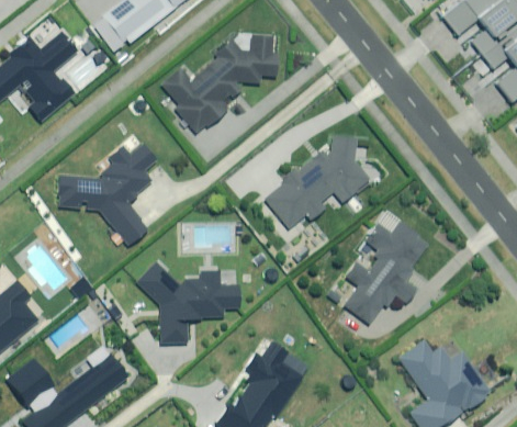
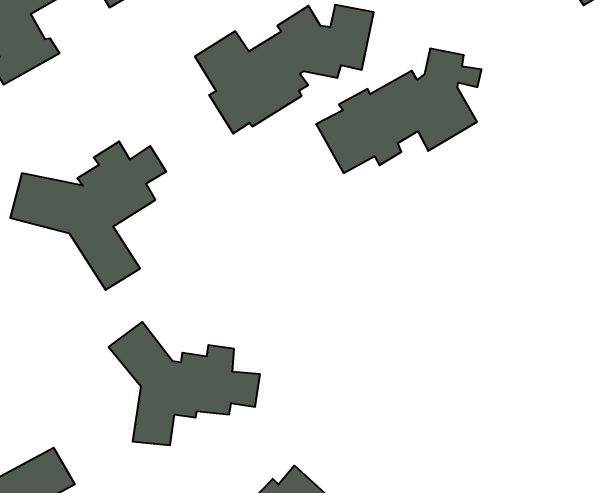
building: [266,134,372,225] -> [316,49,482,173]
building: [344,221,429,323] -> none

